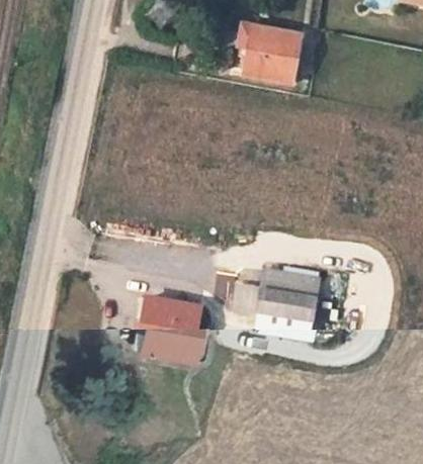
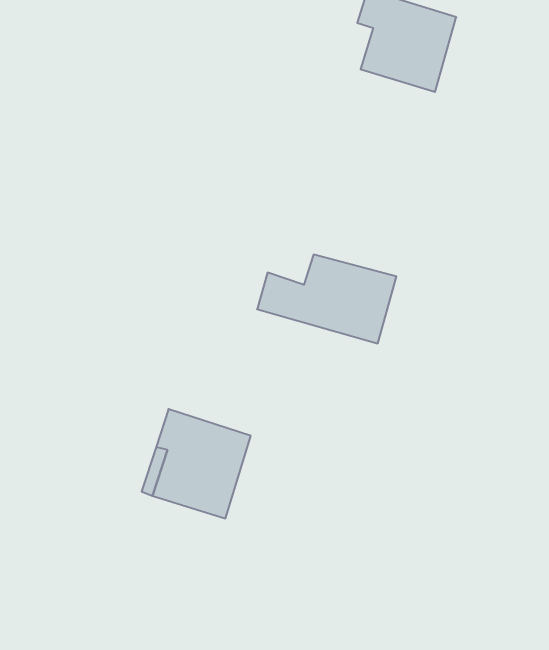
building: [235,270,319,320] -> [257,255,396,343]

